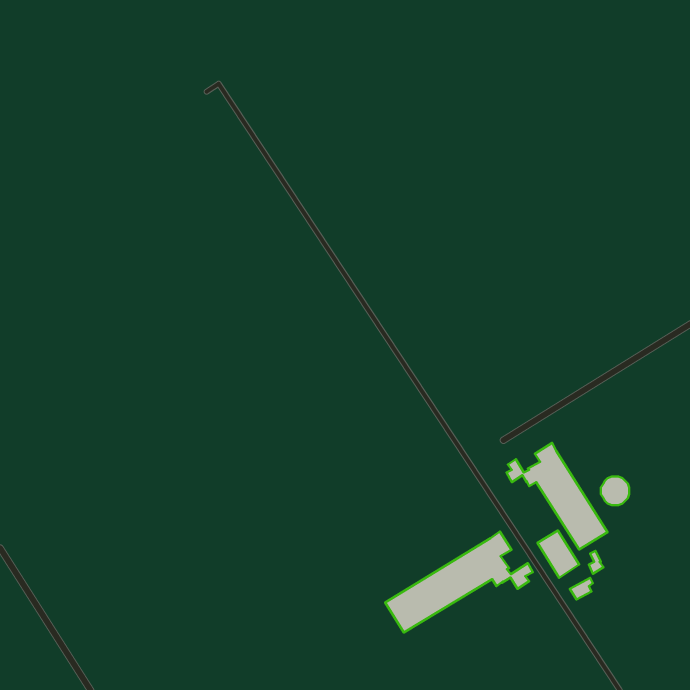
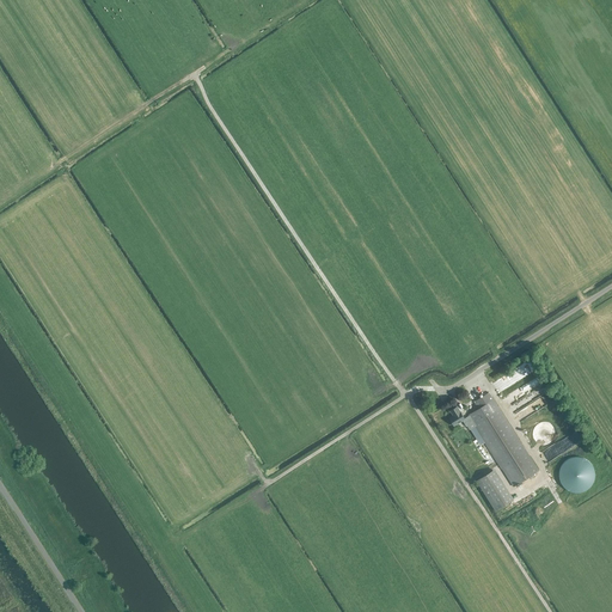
building: none -> [558,458,594,494]
building: [385,531,533,632] -> none

